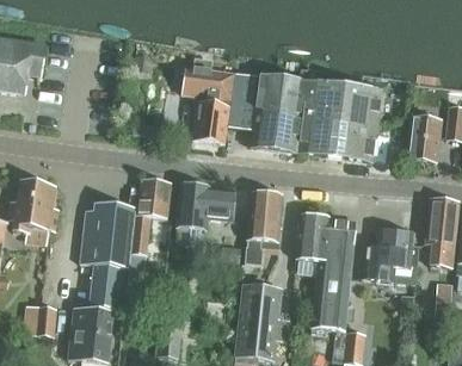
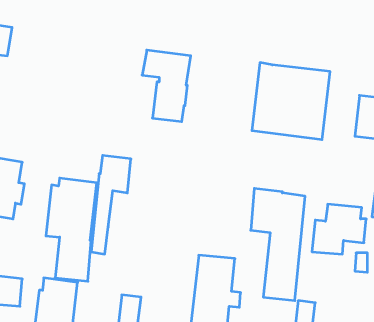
building: [228,72,307,151] -> none
building: [177,182,234,235] -> none
building: [245,191,282,263] -> none

